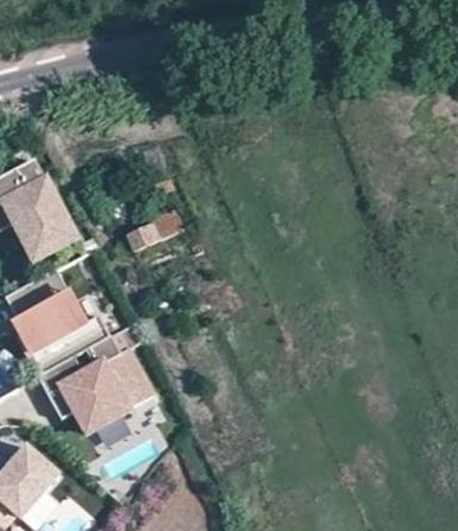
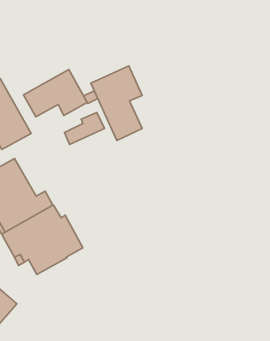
building: none -> [91,66,142,141]
building: none -> [23,69,87,117]

